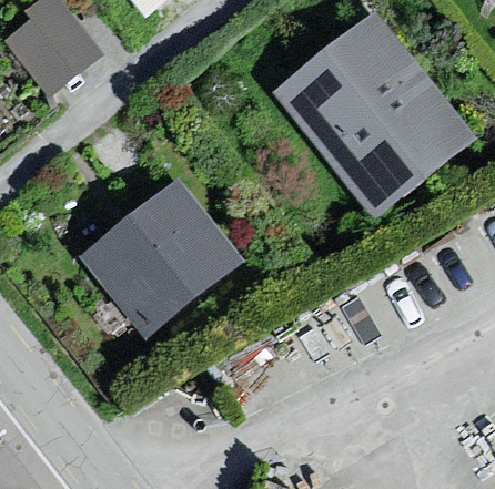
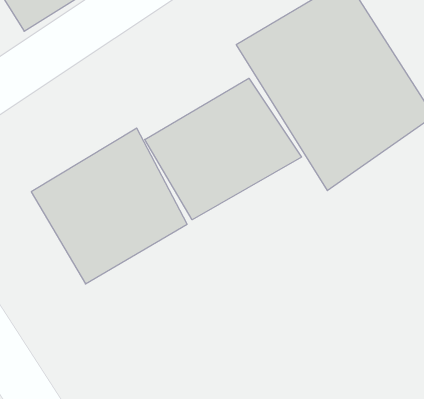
building: none -> [145,78,302,220]

